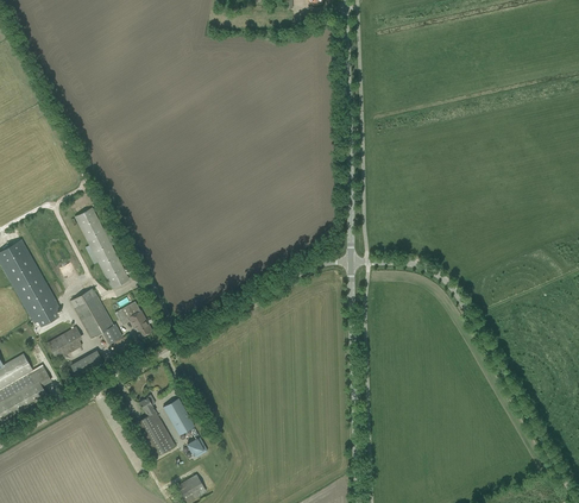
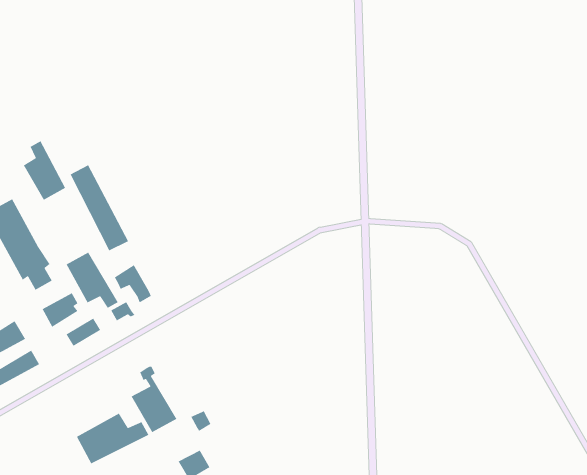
building: none -> [23,140,66,201]
building: [163,397,194,434] -> none
building: none -> [76,413,149,464]

